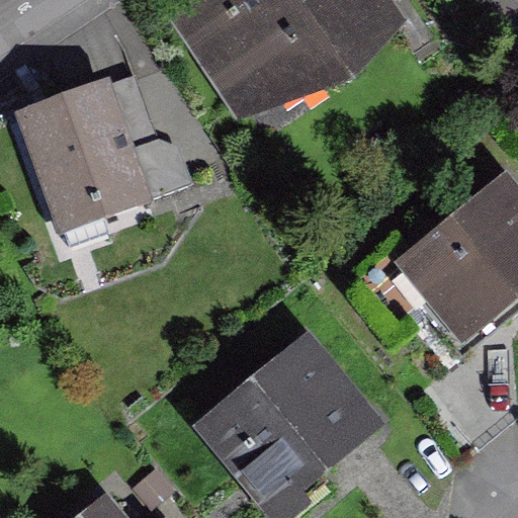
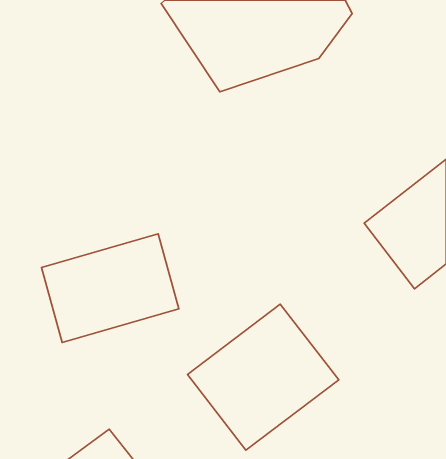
building: [31,71,165,232] -> none
building: none -> [42,234,179,342]

